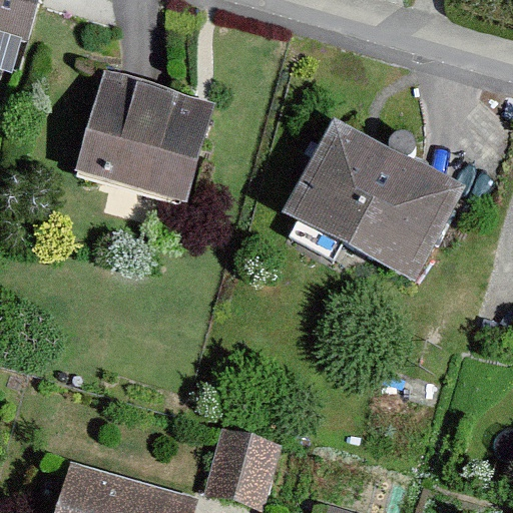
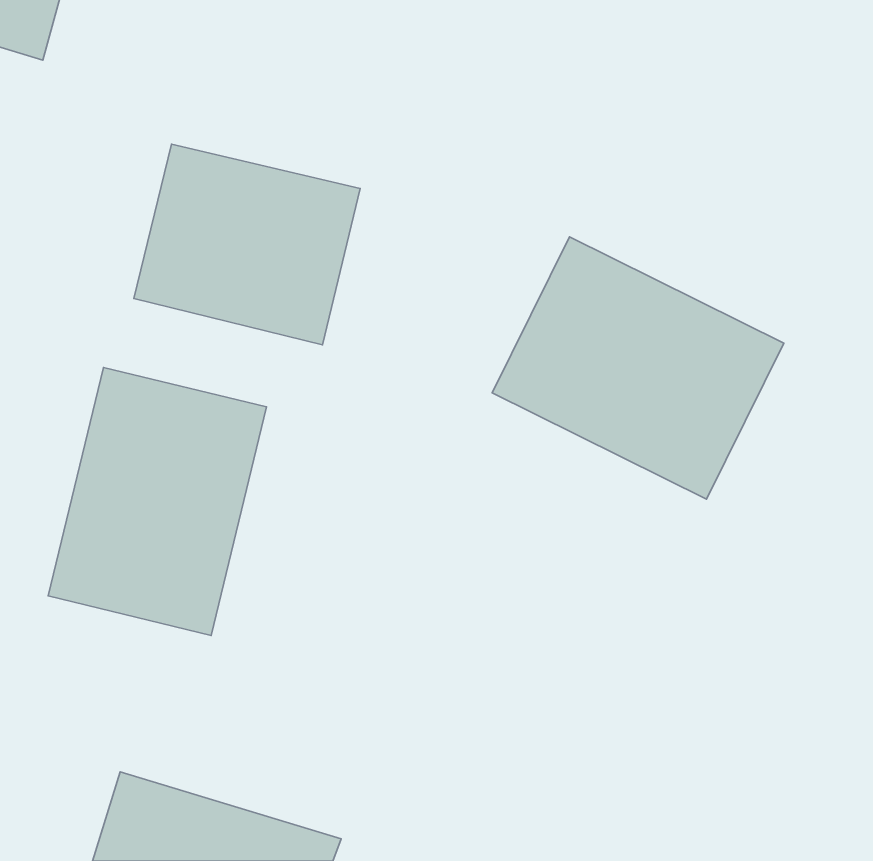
building: none -> [48,367,267,636]
building: [202,418,281,499] -> none

